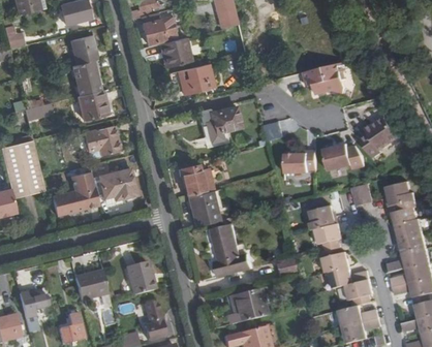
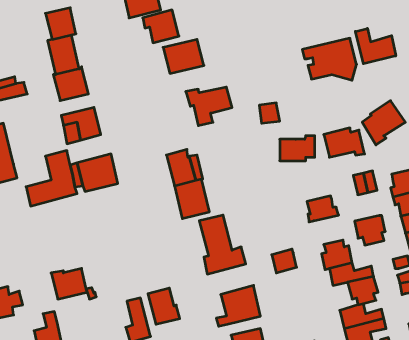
building: none -> [355,28,396,64]
building: [314,224,342,251] -> [355,216,385,245]
building: [126,261,155,294] -> [148,288,180,324]

